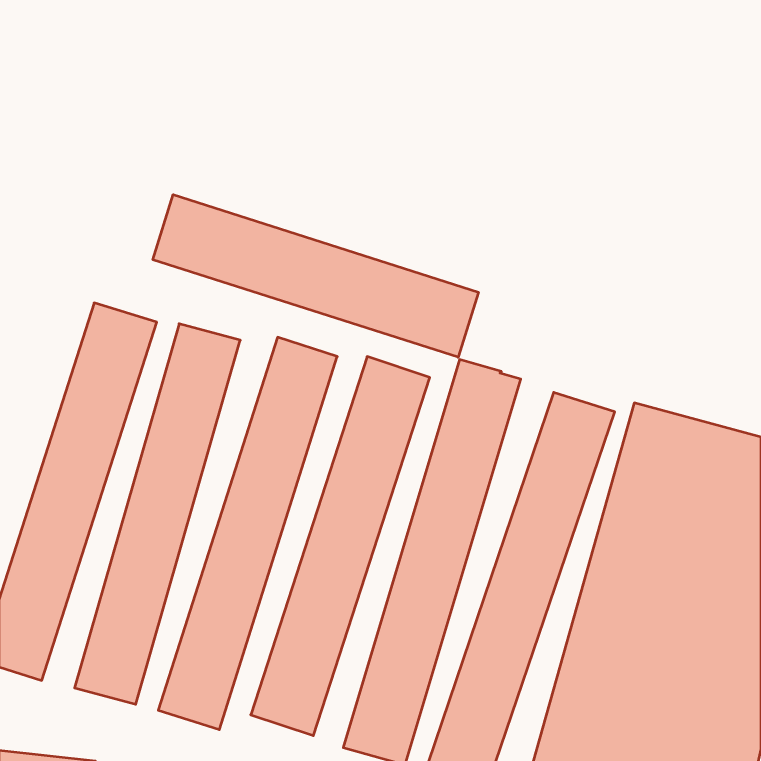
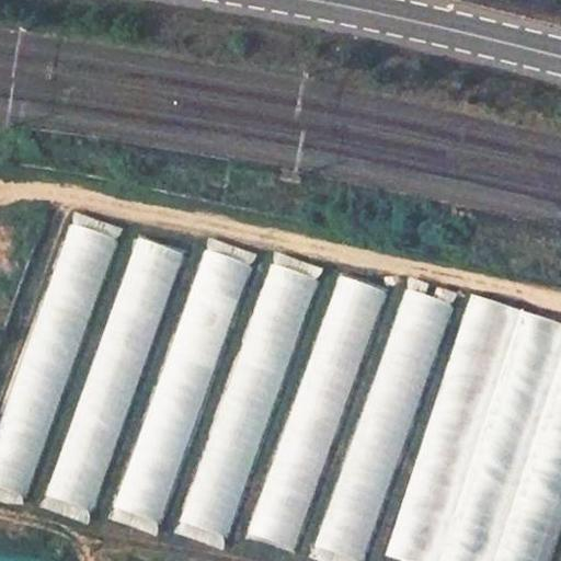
building: [153,195,478,357] -> none

